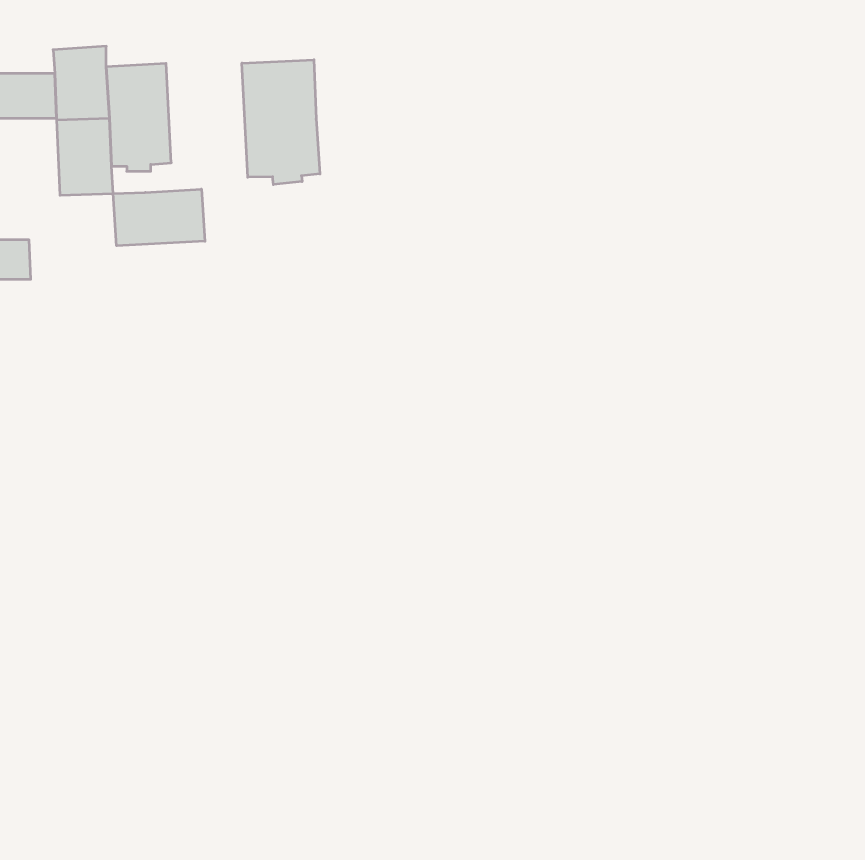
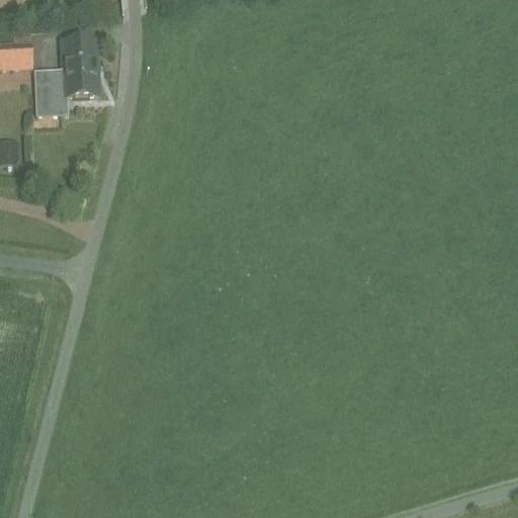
building: [242,60,320,185] -> none
building: [113,189,205,246] -> none

